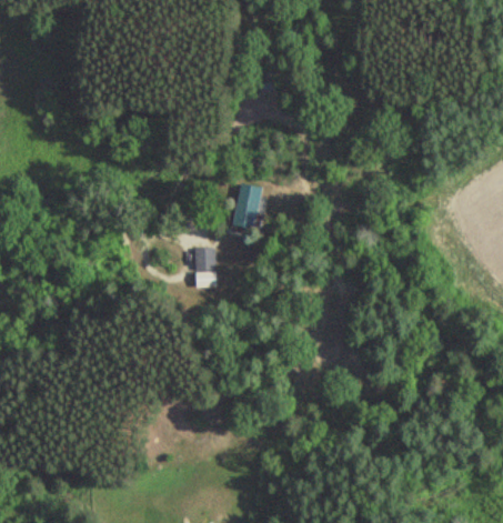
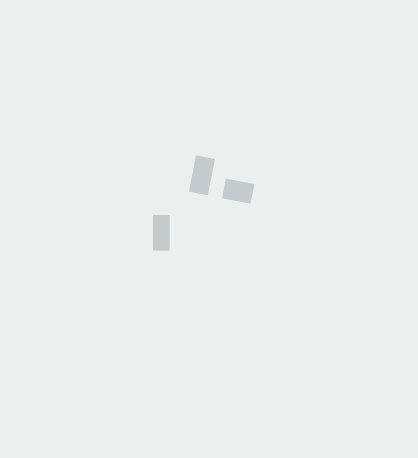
building: none -> [221,178,255,205]

